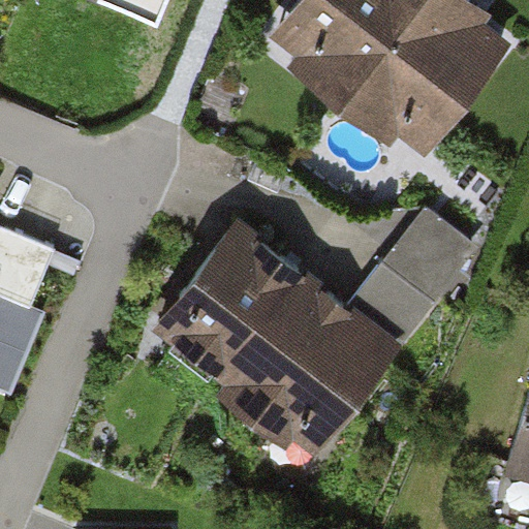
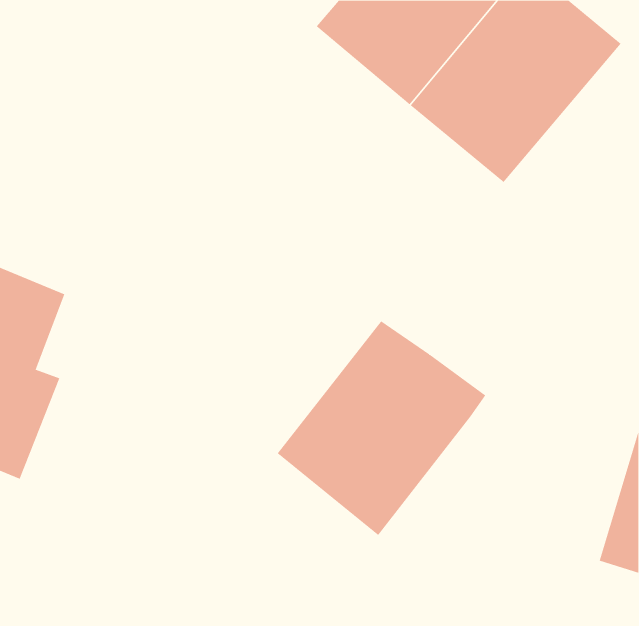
building: [354,209,478,360] -> none
building: [150,215,314,385] -> none

